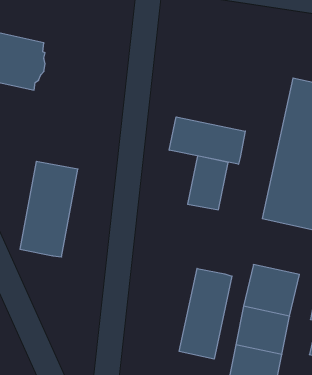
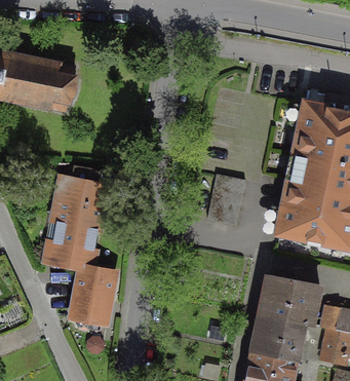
building: [169,117,245,164] -> none
building: none -> [73,267,115,321]
building: [179,268,232,359] -> none

